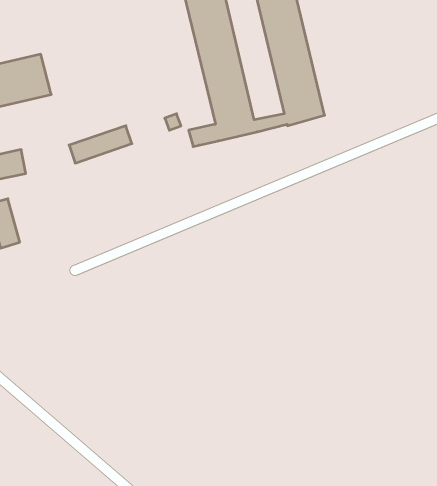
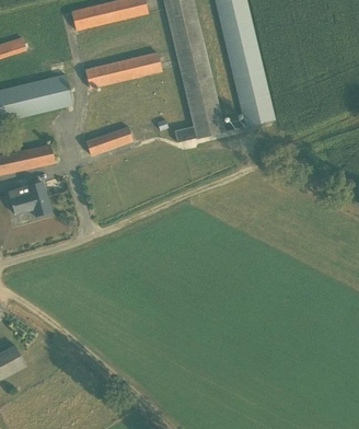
building: none -> [85,53,161,88]

